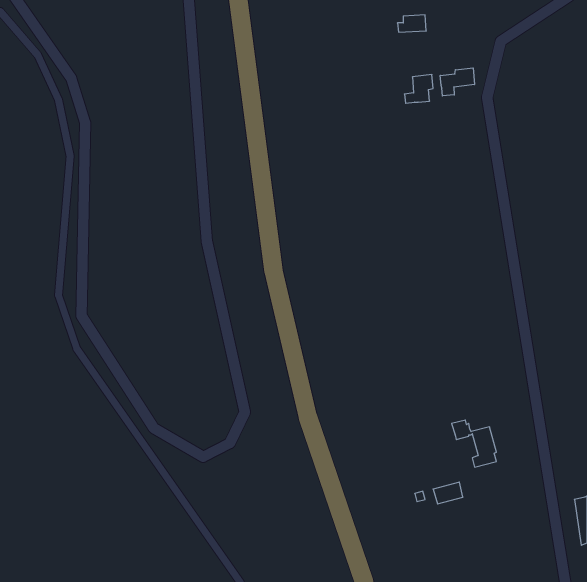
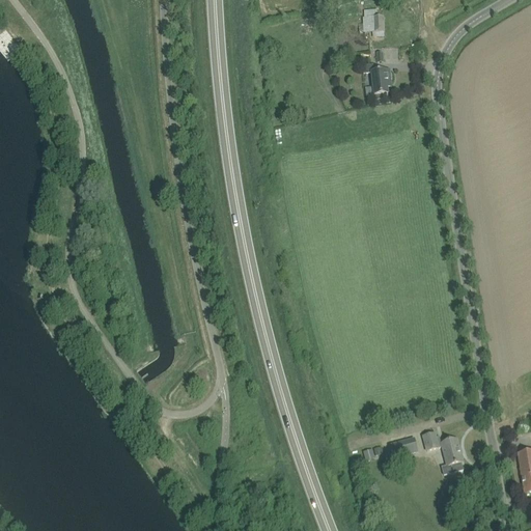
building: [440,68,474,96] -> none
building: [452,420,496,467] -> [423,430,464,473]

